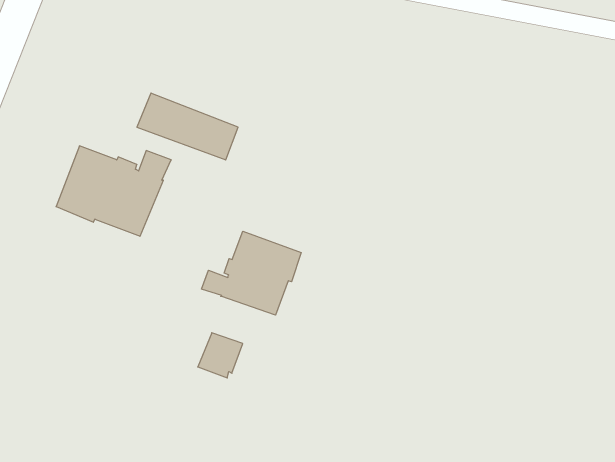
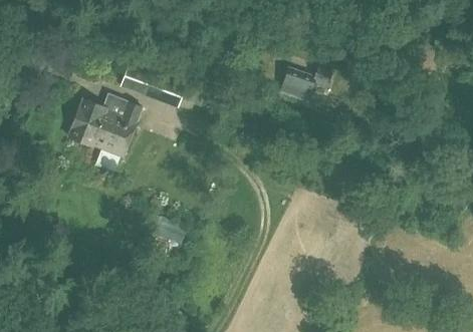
building: none -> [280,65,332,99]
building: [201,231,301,315] -> none

